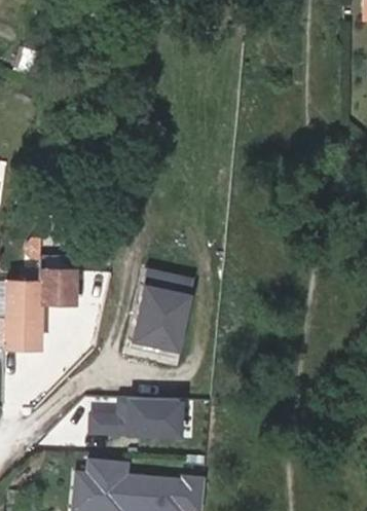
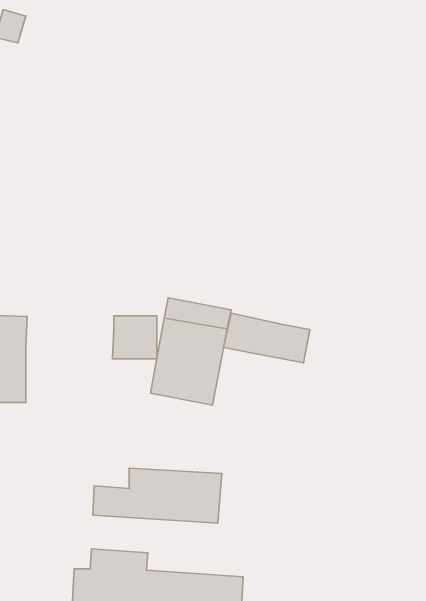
building: [37,271,71,304] -> [113,316,157,359]
building: none -> [223,313,310,363]

